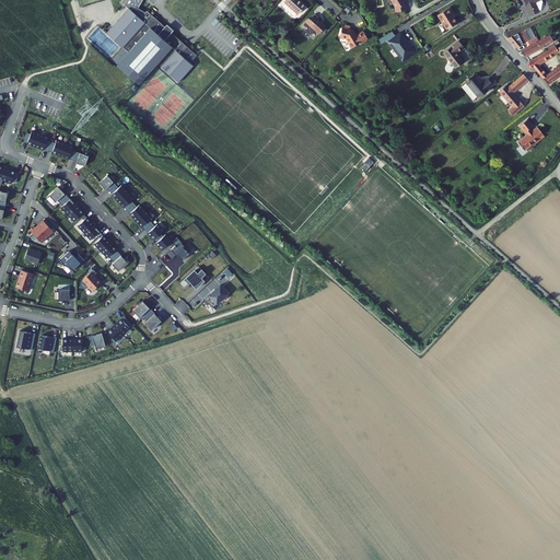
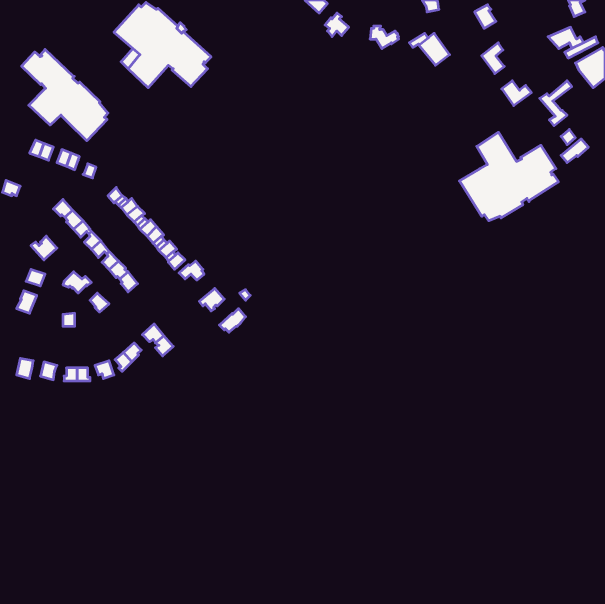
building: none -> [22,49,108,141]
building: none -> [459,132,558,221]

